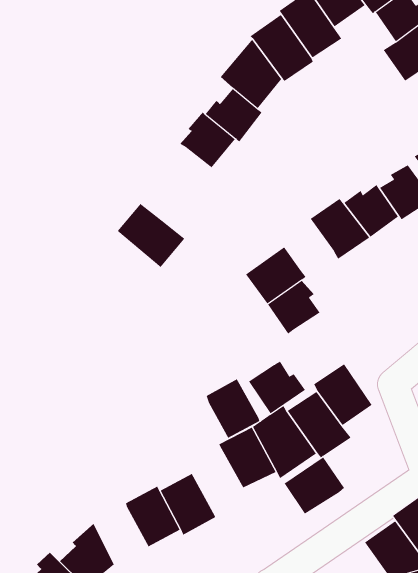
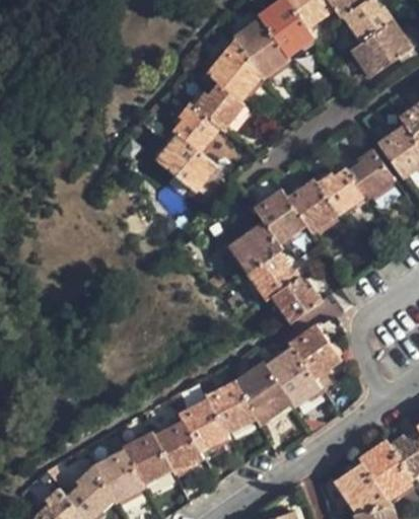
building: [117,203,185,268] -> [156,135,216,192]
building: none -> [254,189,306,243]
building: [248,361,306,414] -> [272,277,323,323]
building: [206,378,260,439] -> [181,399,228,452]
building: [284,456,345,514] -> none
building: none -> [96,450,145,504]

